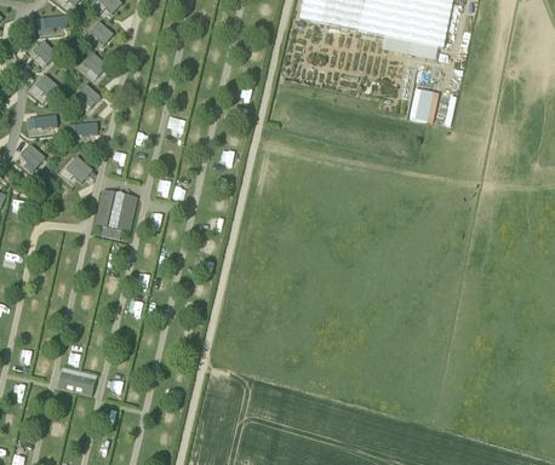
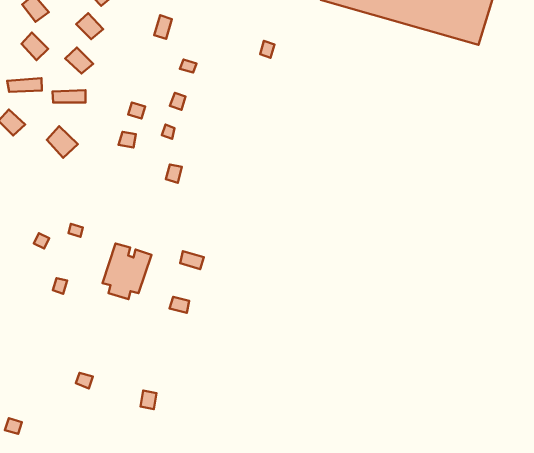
building: [93,190,135,239] -> [103,244,151,299]
building: [56,371,93,395] -> none

